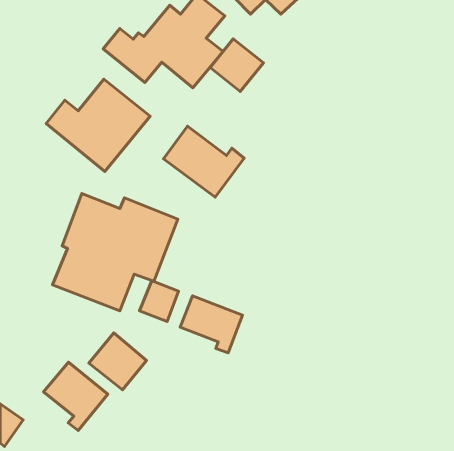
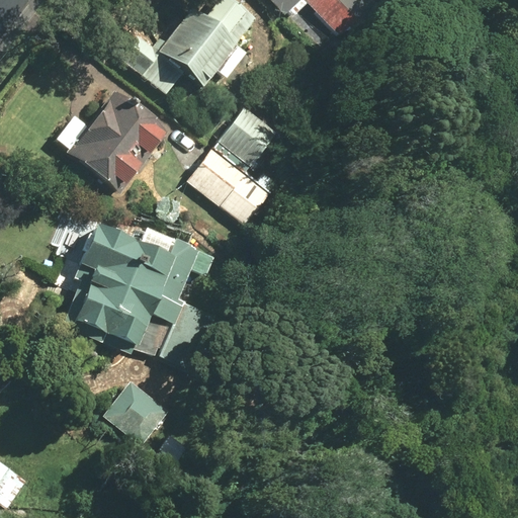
building: [210,39,263,91] -> [218,107,278,167]
building: [180,296,243,353] -> none
building: [44,362,108,430] -> none

